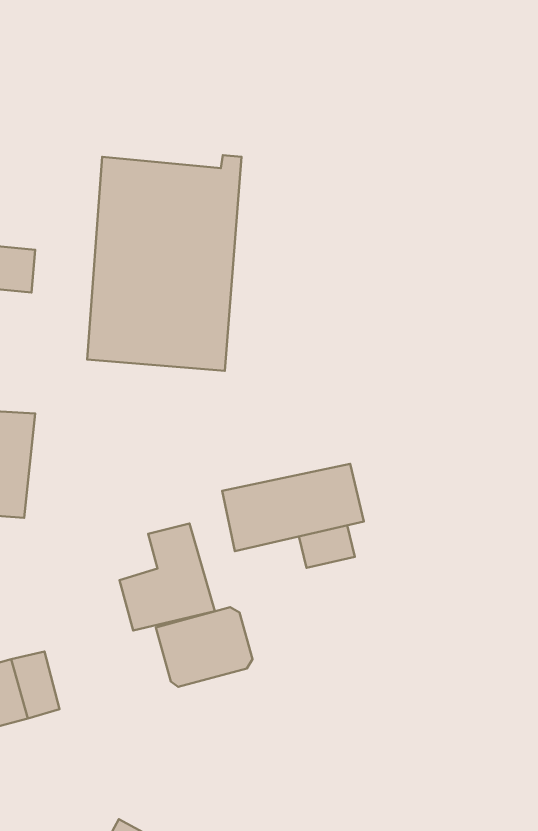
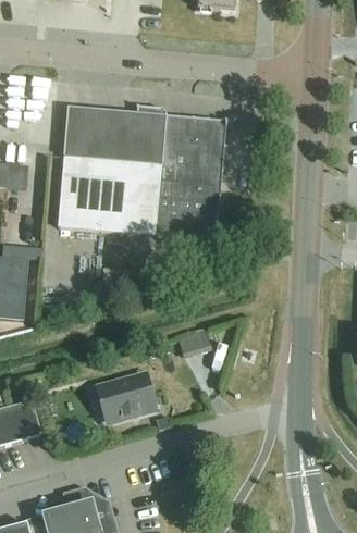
building: none -> [137,108,225,239]
building: [222,464,364,551] -> none
building: [119,523,215,630] -> none

